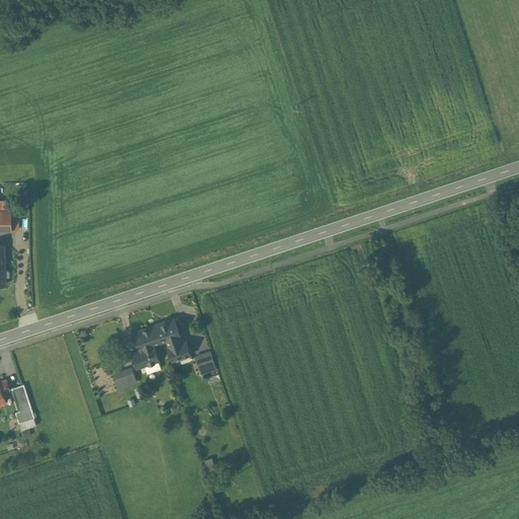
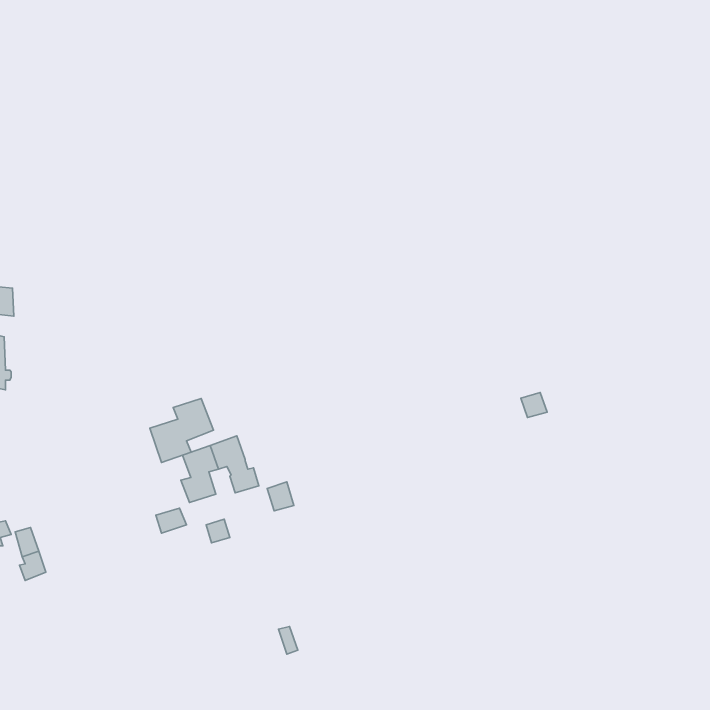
building: none -> [150,398,214,462]

